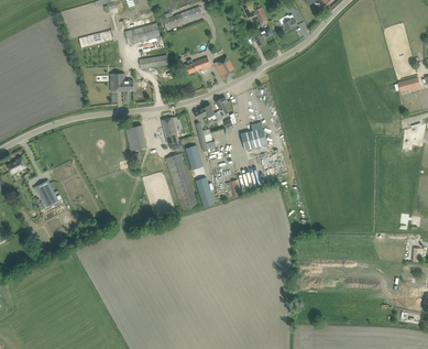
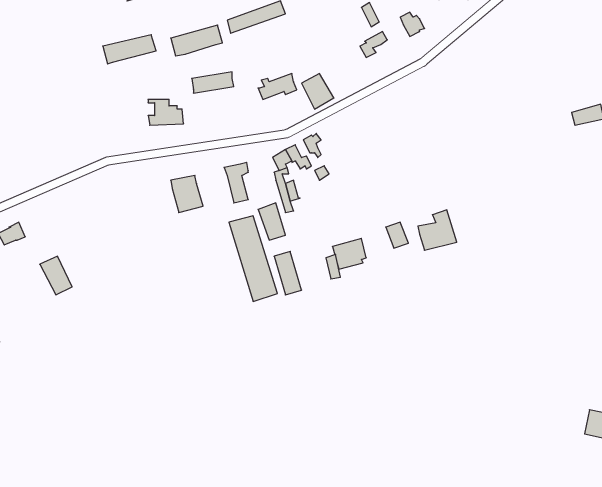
building: [240,122,266,150] -> [418,210,457,250]

